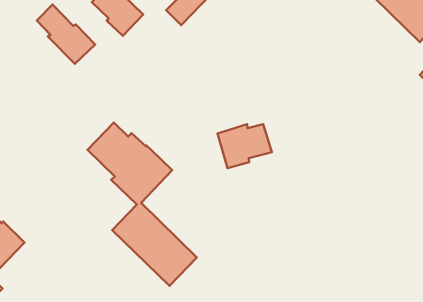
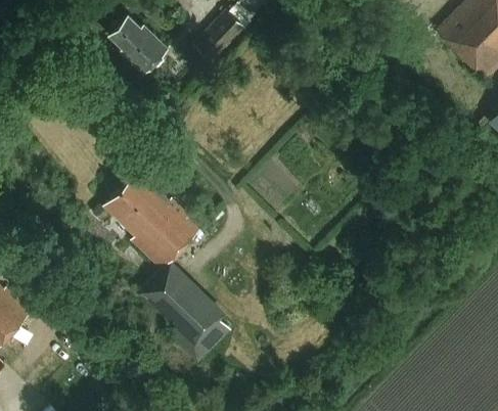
building: [37,5,95,64] -> none
building: [217,124,272,168] -> none

